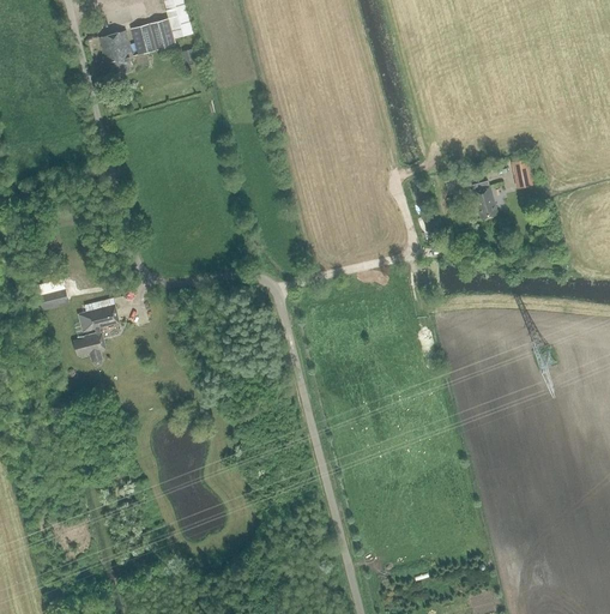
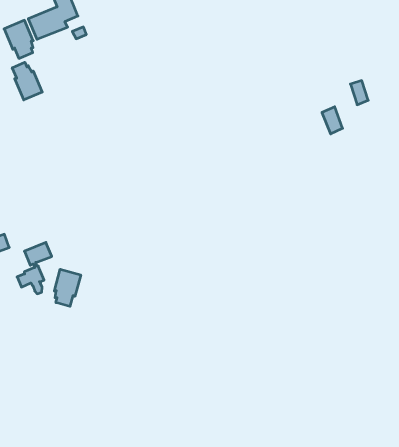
building: none -> [12,62,42,100]
building: none -> [54,269,81,306]

